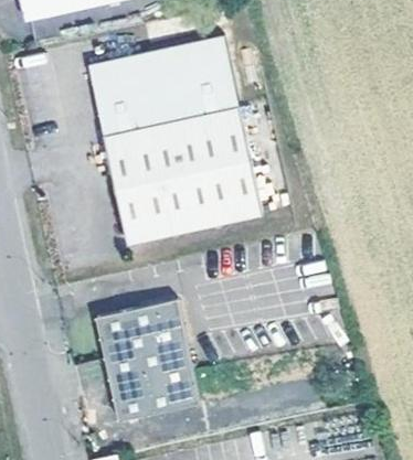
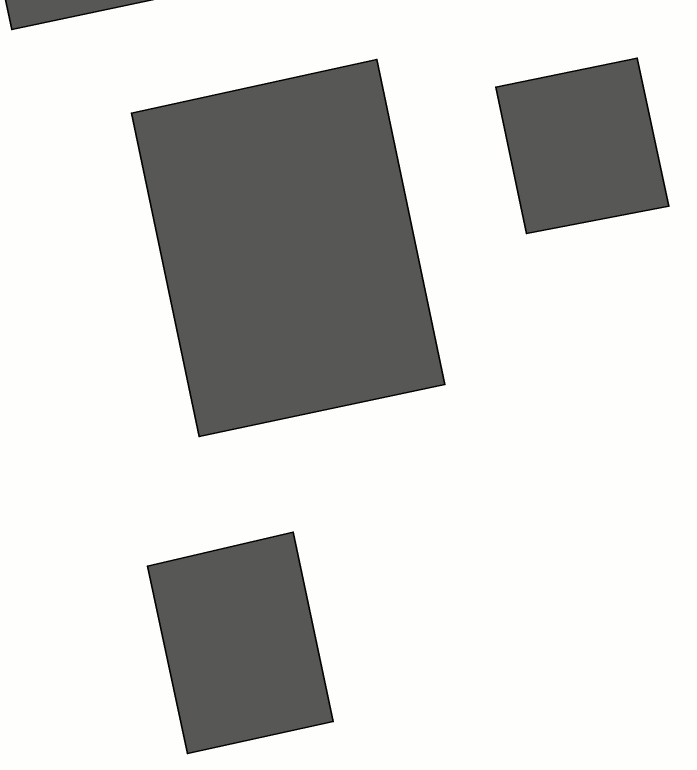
building: none -> [496,58,669,234]

